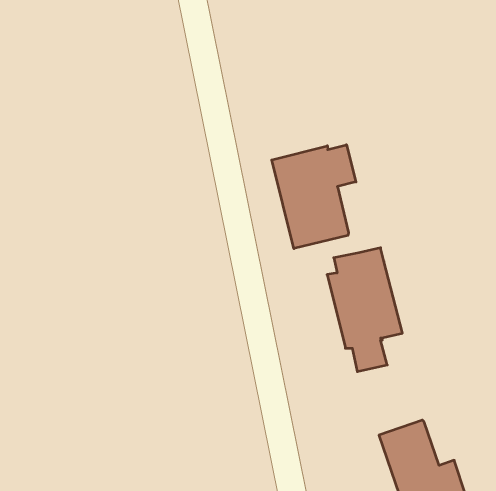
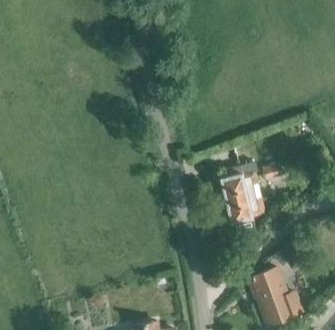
building: [272,145,356,249] -> none

